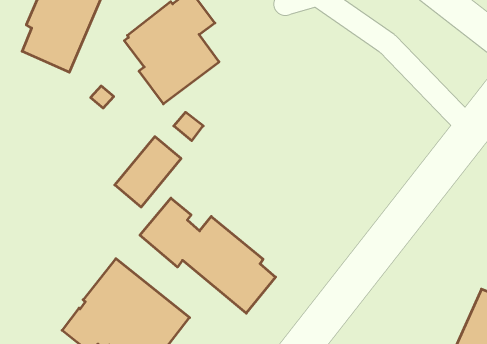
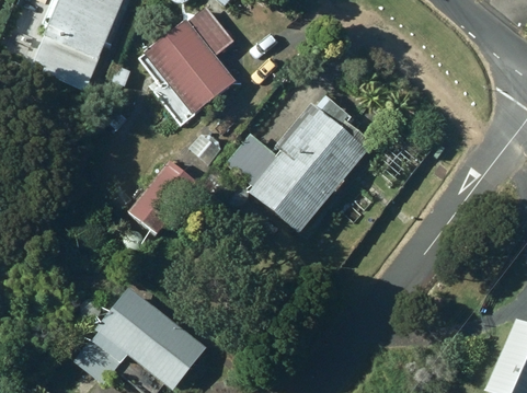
building: none -> [226,99,375,231]
building: [140,198,276,313] -> none

